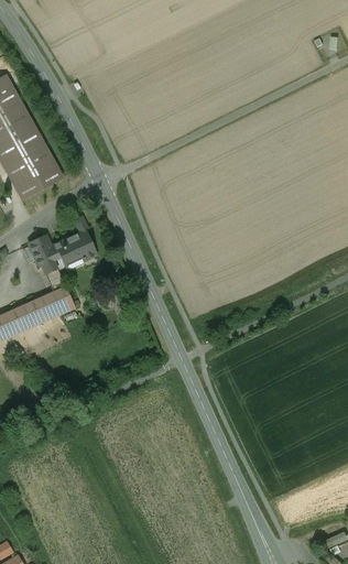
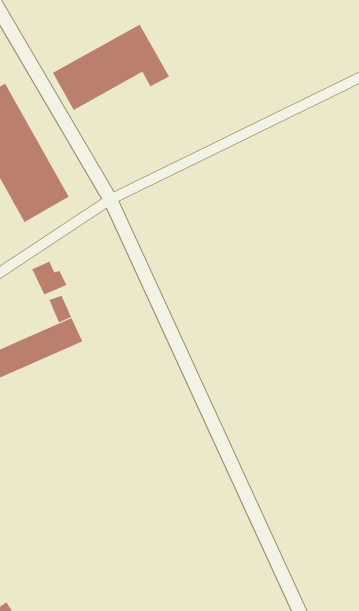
building: none -> [52,24,170,111]
building: [54,229,96,263] -> none

